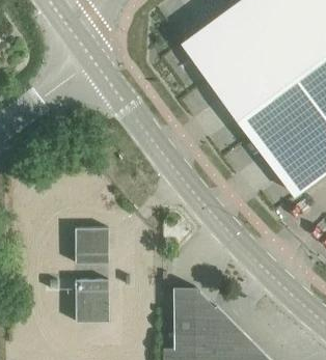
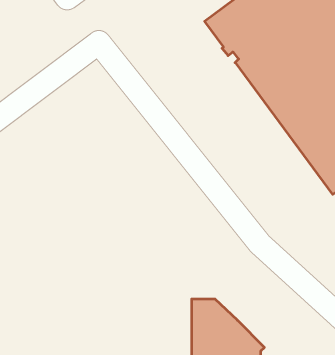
building: [75,227,108,262] -> none
building: [75,279,109,322] -> none

